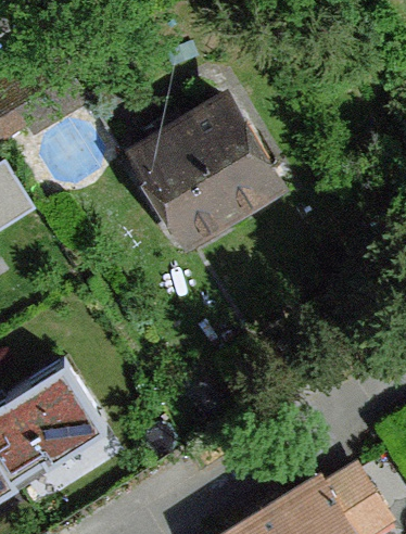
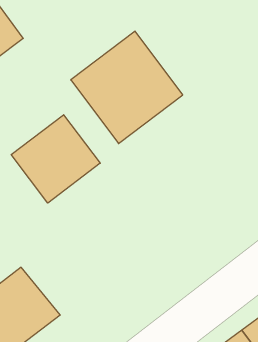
building: none -> [11,115,100,203]

